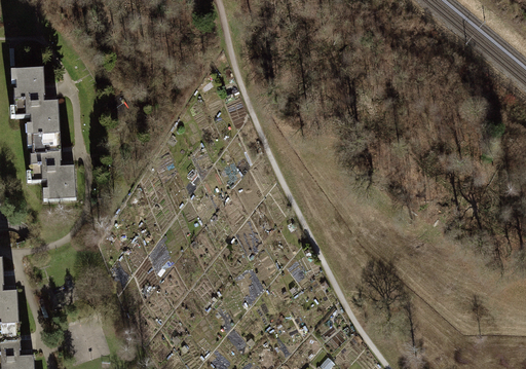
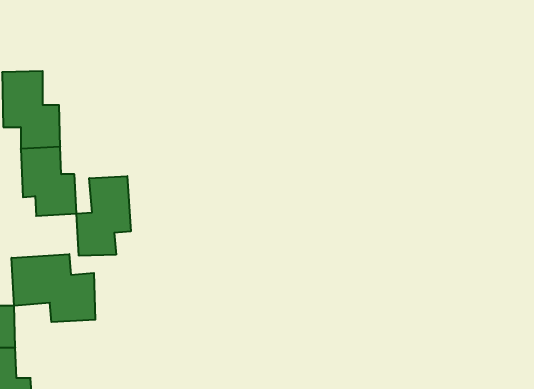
building: none -> [77,176,131,256]
building: none -> [12,254,95,322]

